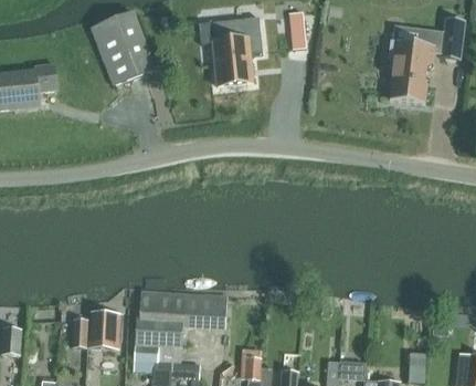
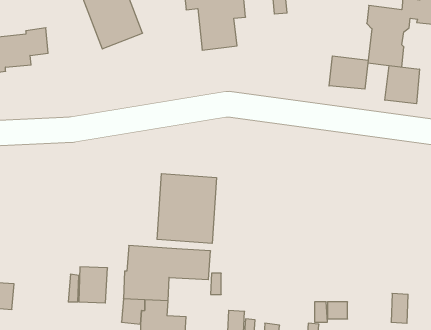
building: none -> [329,56,368,89]
building: none -> [385,66,419,104]
building: none -> [157,174,216,243]

